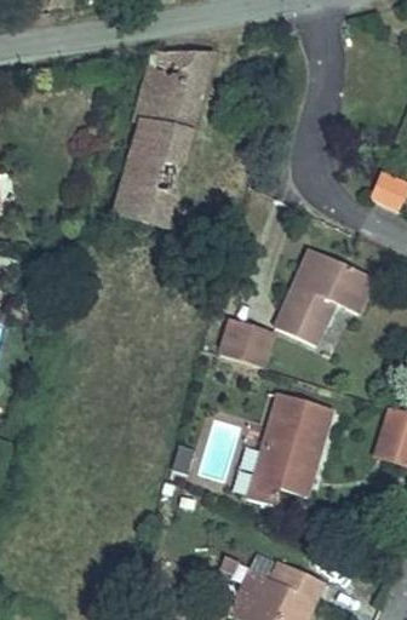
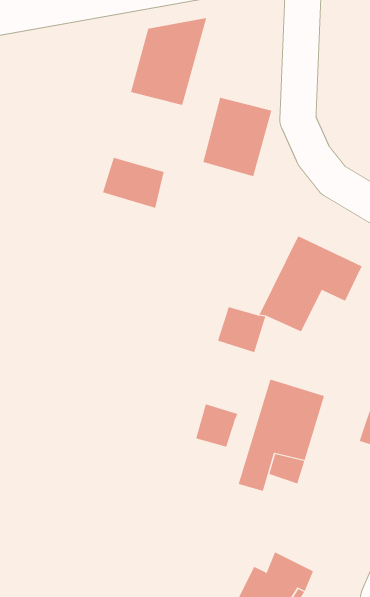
building: [124,110,193,189] -> [202,97,272,177]
building: none -> [195,403,238,447]

